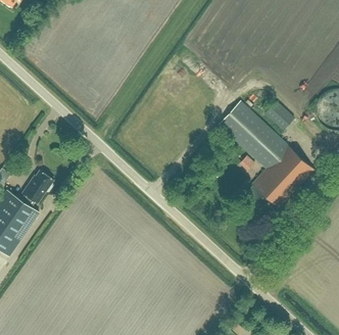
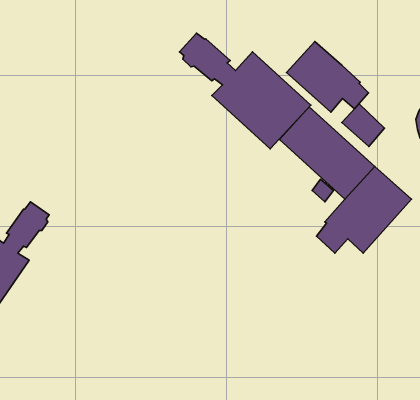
building: none -> [180,33,311,149]
building: none -> [287,41,368,112]

